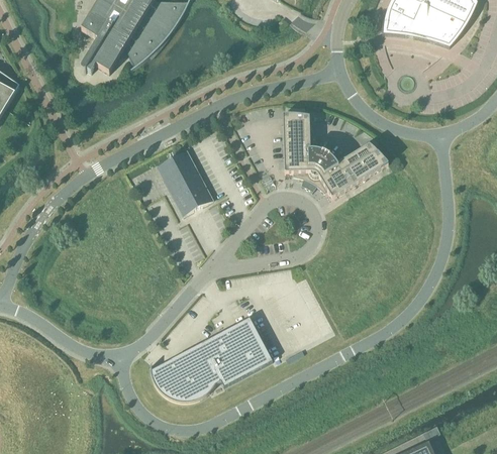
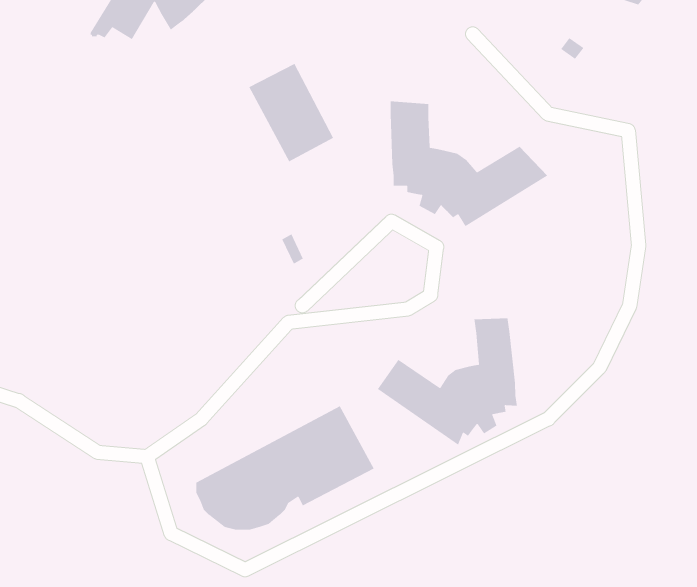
building: [156,148,213,215] -> [248,63,334,162]
building: none -> [377,318,518,446]

